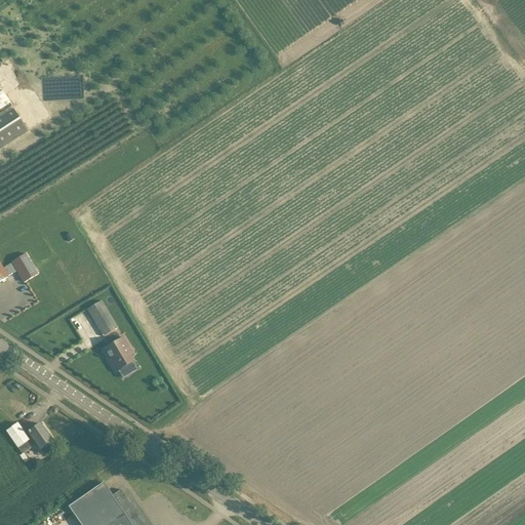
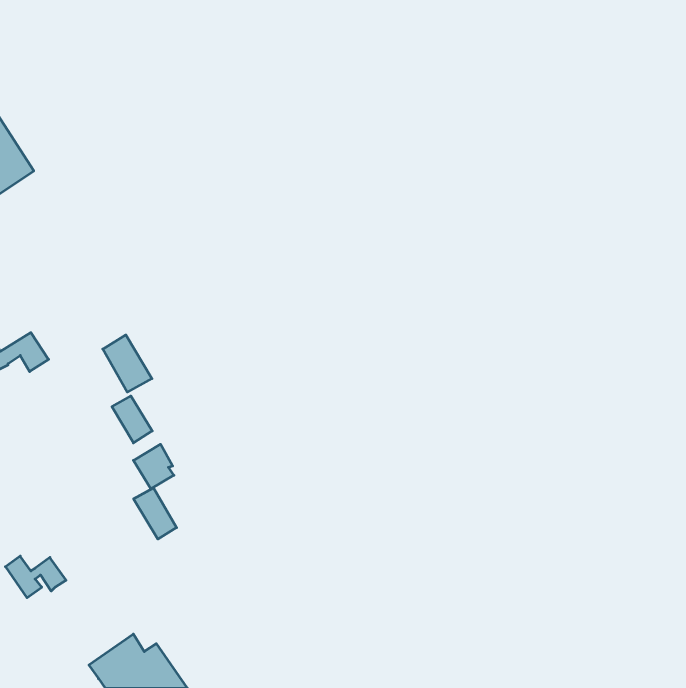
building: none -> [103,335,152,392]
building: none -> [134,488,177,539]

